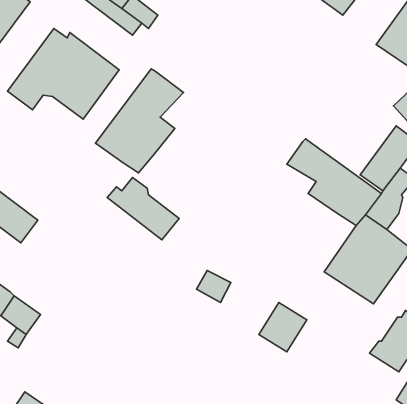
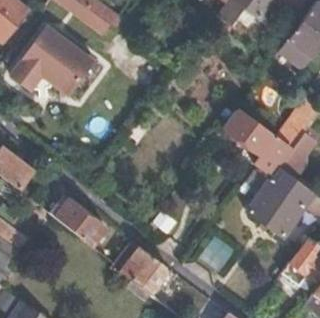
building: [96,69,183,173] -> none
building: [107,177,179,240] -> [52,200,106,247]
building: none -> [121,247,170,295]

